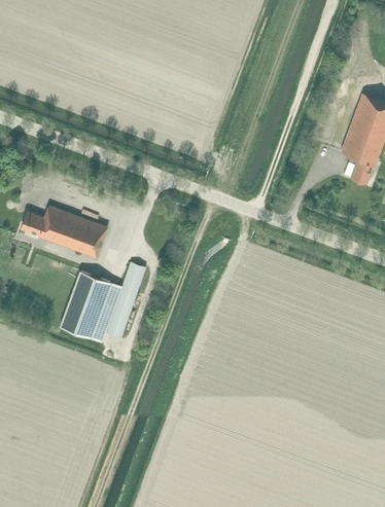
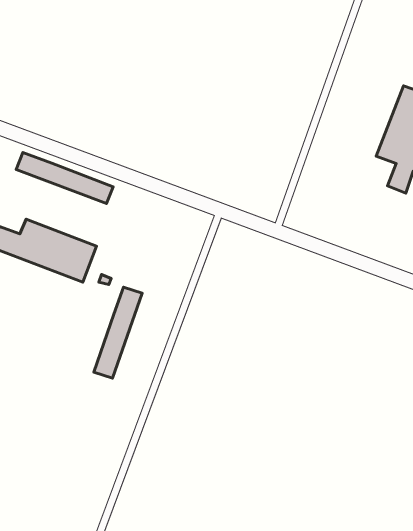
building: none -> [16,153,113,204]
building: [59,270,121,341] -> none

